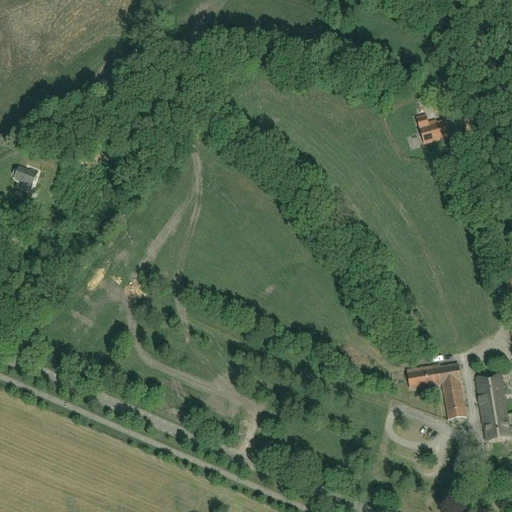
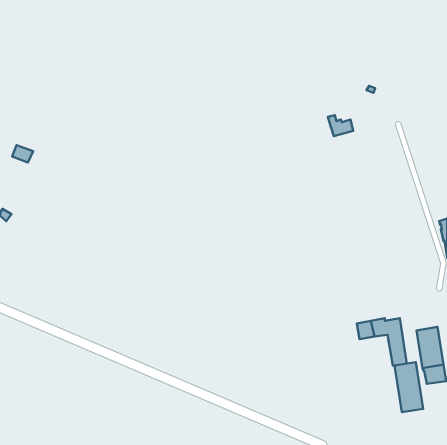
building: [416,119,445,143] -> [328,115,353,136]
building: none -> [394,362,423,412]

